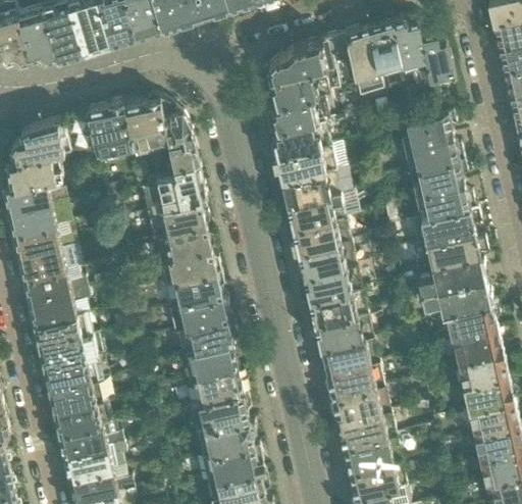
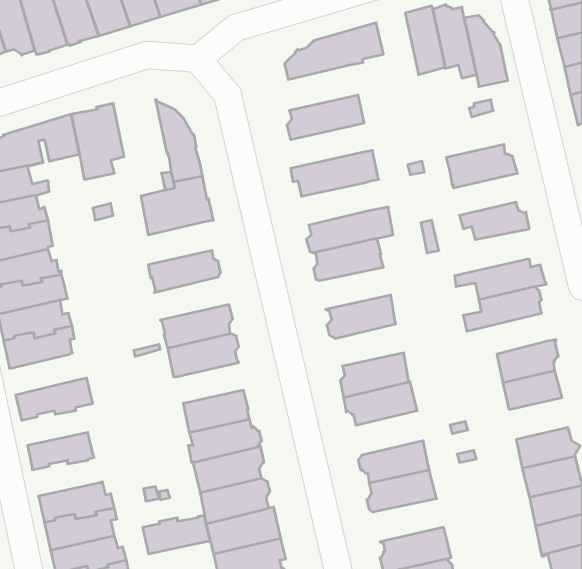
building: [345,28,383,99] -> none
building: [268,71,329,110] -> none
building: [123,99,169,163] -> none
building: [398,113,456,150] -> none
building: [269,122,331,159] -> none
building: [410,163,467,199] -> none
building: [279,168,355,208] -> none
building: [146,204,208,241] -> none
building: [410,209,480,250] -> none
building: [297,241,370,279] -> none
building: [157,251,220,288] -> none
building: [421,282,491,317] -> none
building: [308,291,368,326] -> none
building: [35,316,91,351] -> none
building: [175,323,233,358] -> none
building: [457,353,507,389] -> none
building: [45,360,101,394] -> none
building: [323,364,384,402] -> none
building: [54,404,111,437] -> [143,515,210,554]
building: [342,439,401,475] -> none

